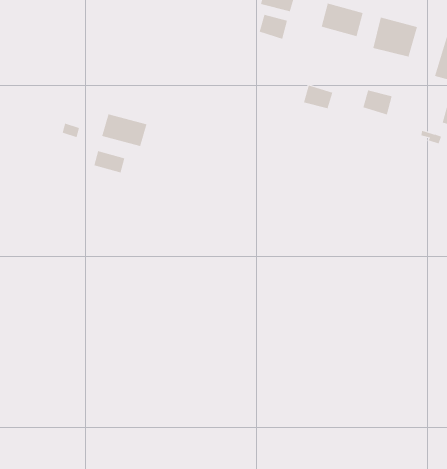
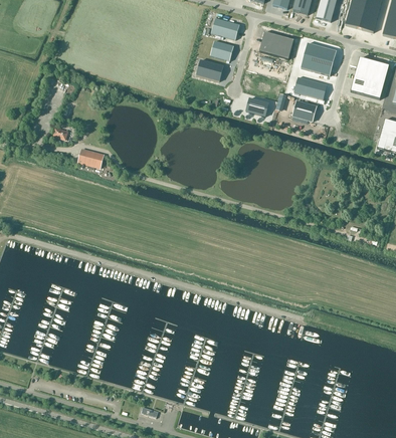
building: none -> [196,59,223,80]
building: none -> [293,76,327,98]
building: [102,113,147,147] -> none

